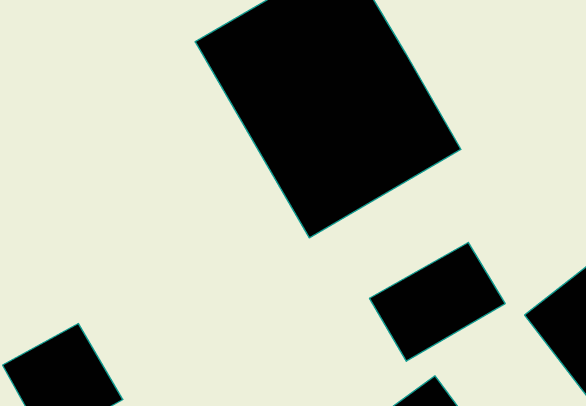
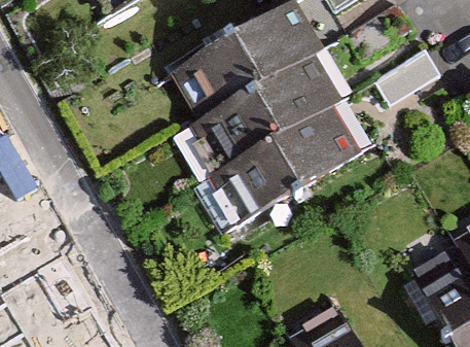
building: [370,242,505,361] -> none

